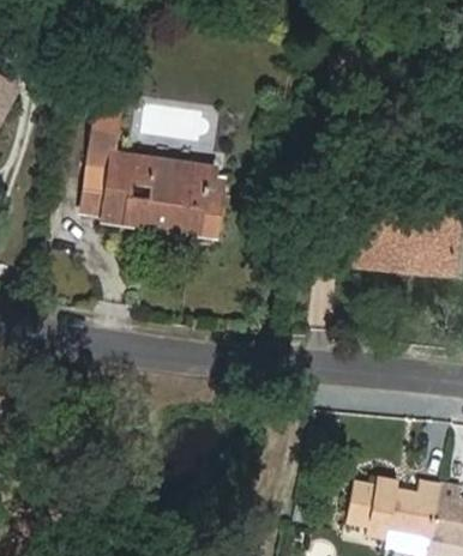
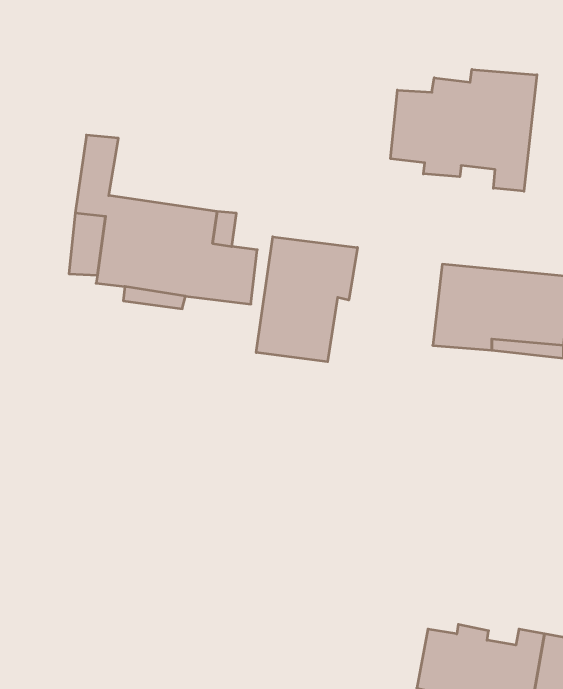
building: none -> [391,69,537,191]
building: none -> [256,237,357,362]

